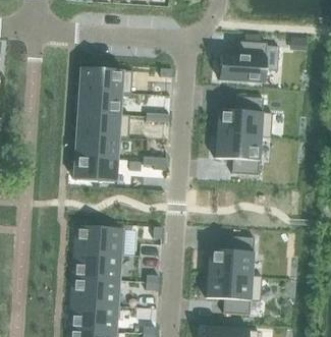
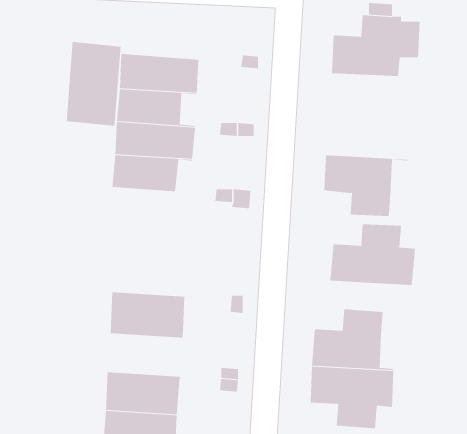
building: none -> [66,41,121,127]
building: [216,96,273,136] -> [330,224,416,286]
building: [73,155,117,180] -> none
building: [71,251,122,280] -> none

